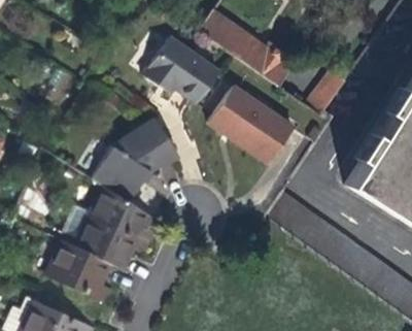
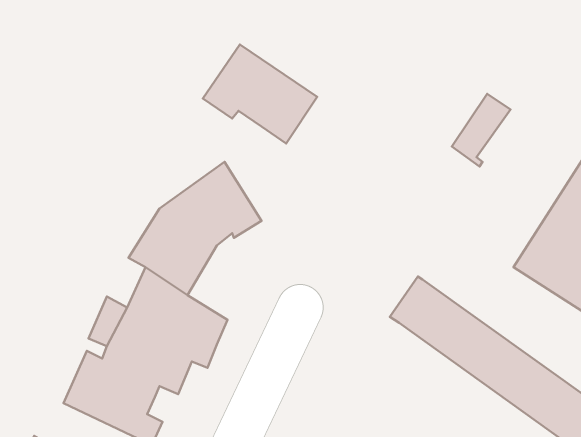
building: [200,12,293,87] -> none
building: [209,86,293,164] -> none

